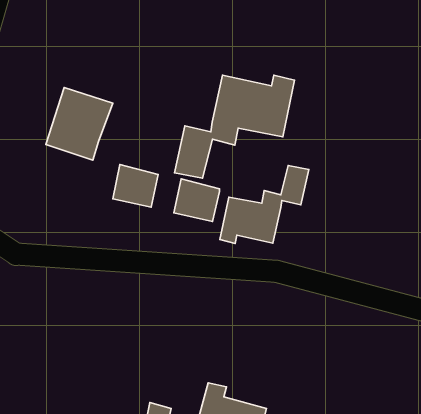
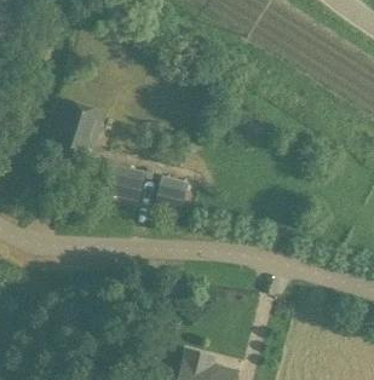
building: [174,75,295,178] -> none
building: [220,166,309,243] -> none

